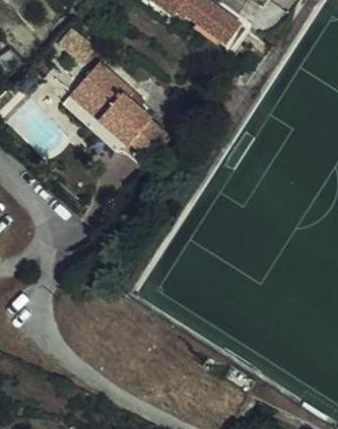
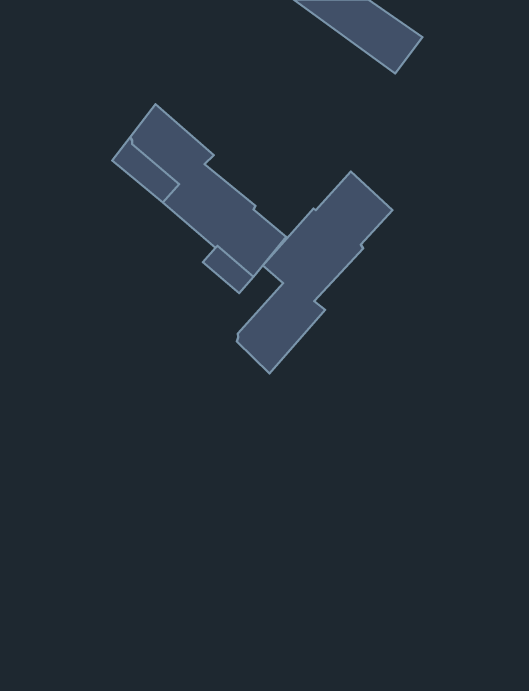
building: none -> [237,171,392,374]

